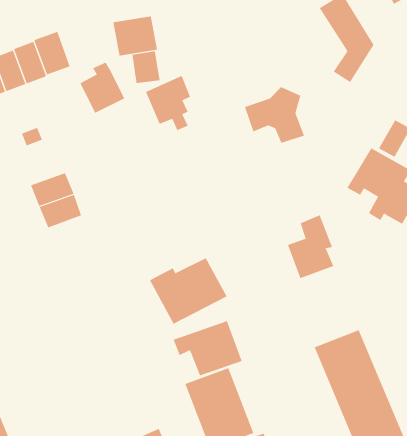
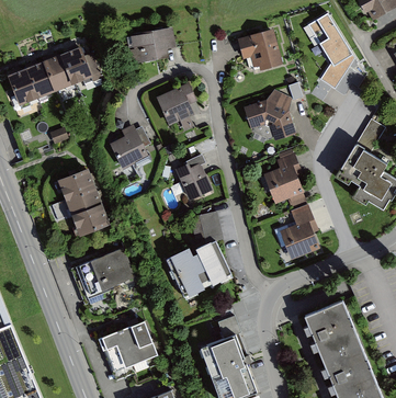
building: none -> [237,29,284,72]
building: [132,50,160,84] -> none
building: [80,62,125,114] -> [111,123,150,168]
building: none -> [264,149,307,206]
building: none -> [174,158,214,202]
building: none -> [73,203,111,232]
building: none -> [80,247,138,296]
building: [173,321,243,376] -> [98,320,158,368]

